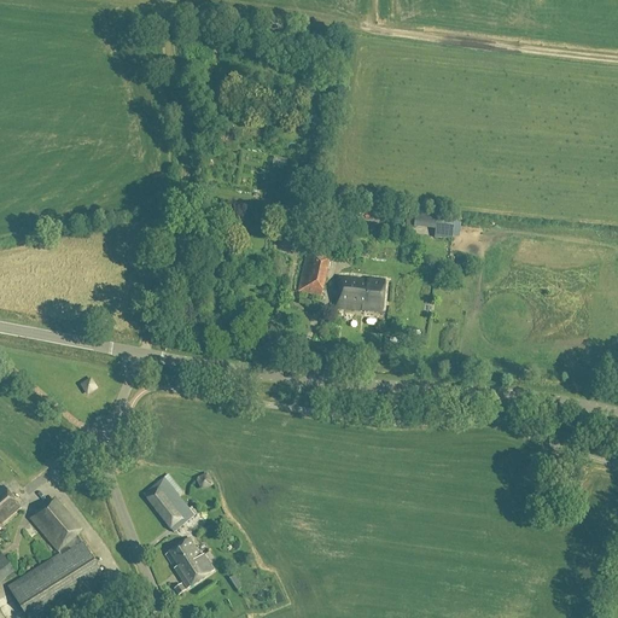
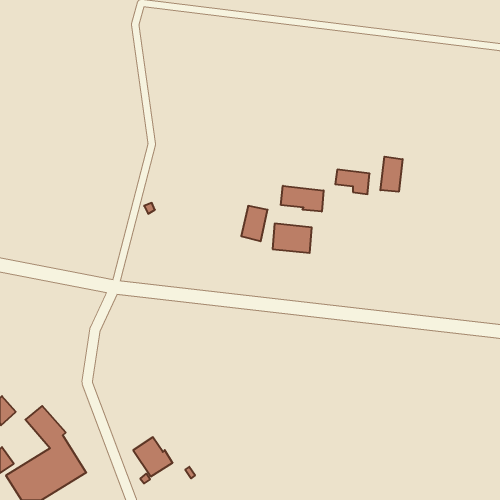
building: none -> [380,157,403,192]
building: none -> [281,186,324,212]
building: [142,478,192,530] -> none

